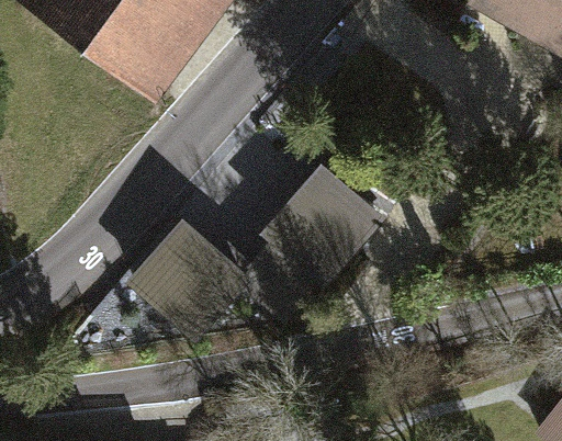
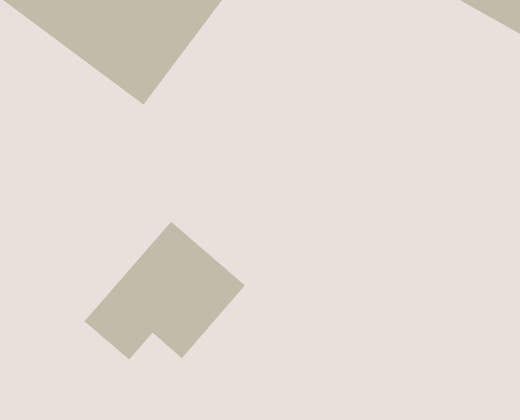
building: [266,166,392,292] -> none

